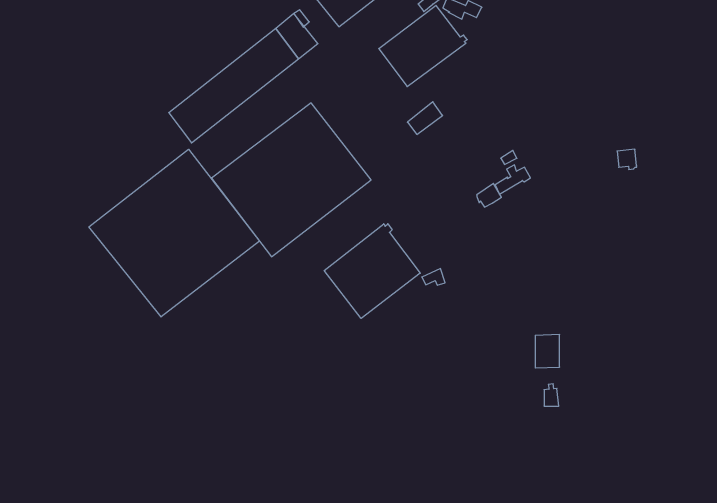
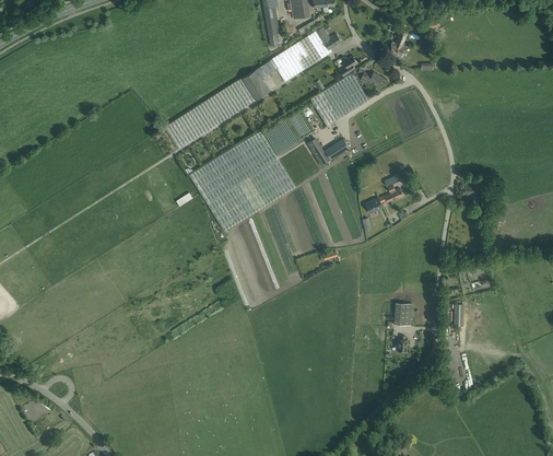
building: [89,149,260,317] -> none
building: [324,224,420,318] -> none

